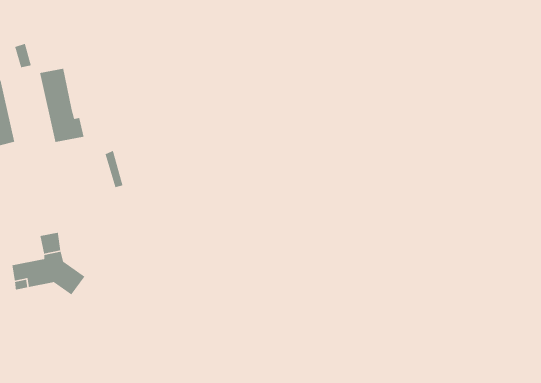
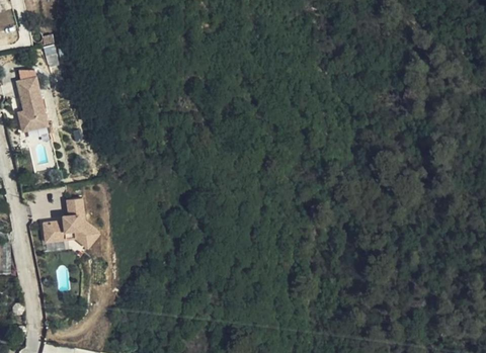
building: [39,68,85,143] -> none

